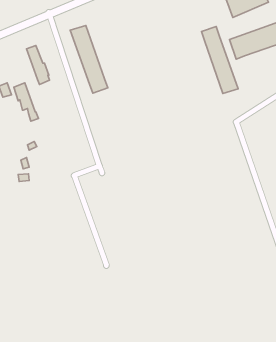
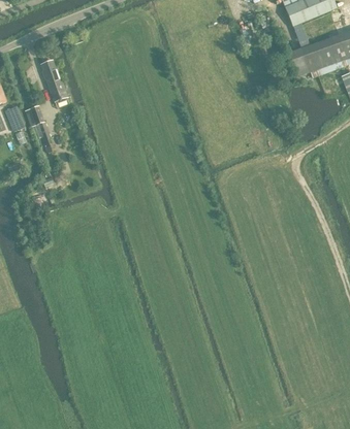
building: [70,25,108,93] -> none
building: [201,26,238,93] -> none

